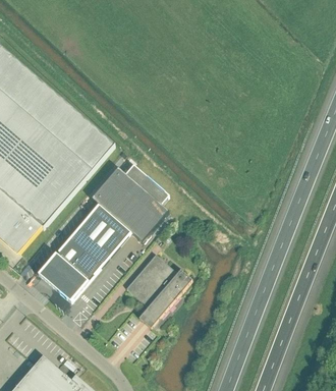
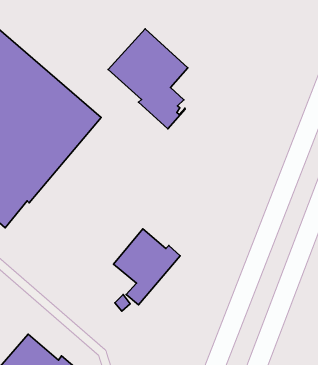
building: none -> [108,29,188,129]
building: [41,165,169,300] -> none

